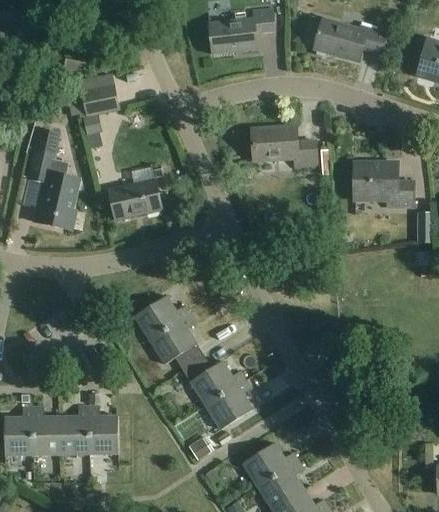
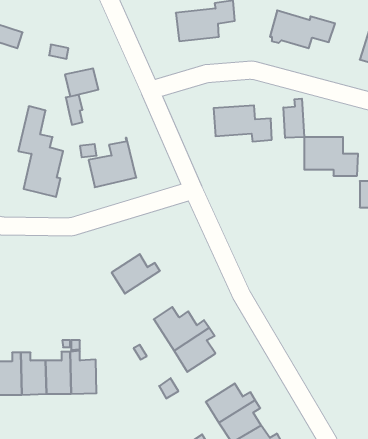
building: none -> [283,99,304,138]
building: [149,314,203,369] -> none

